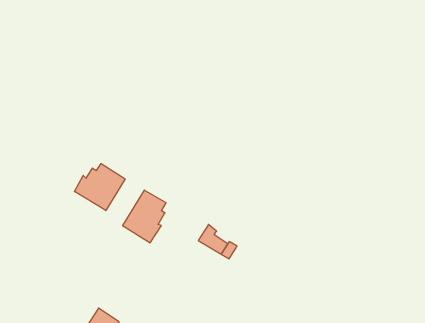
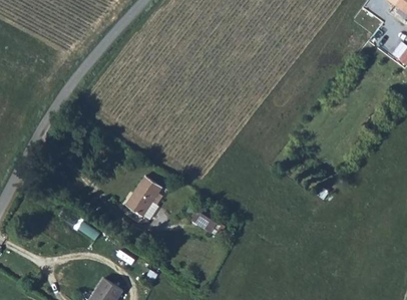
building: [74,164,125,211] -> none

